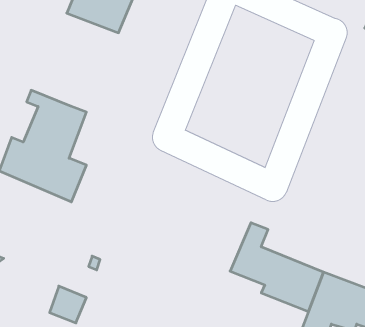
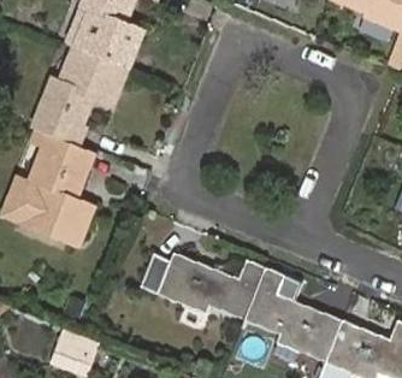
building: none -> [32,48,128,146]
building: none -> [140,253,266,318]

